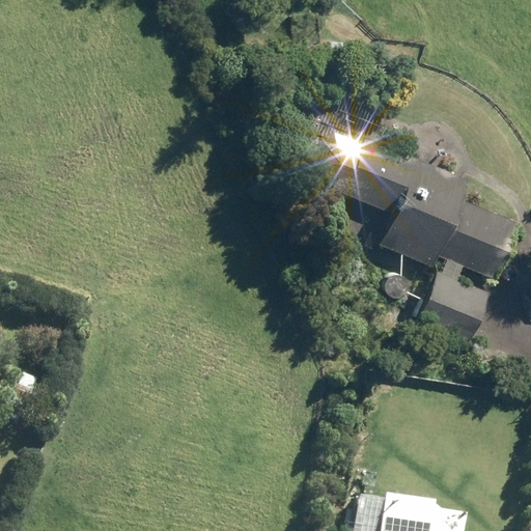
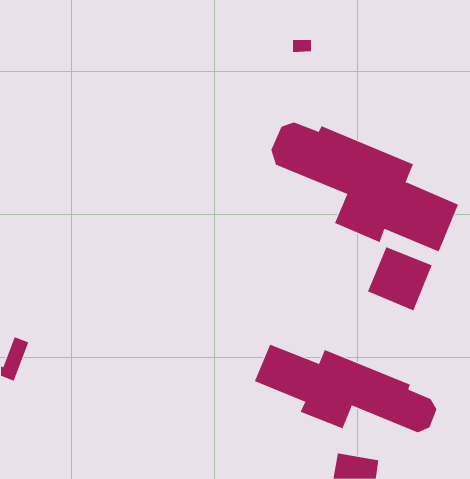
building: none -> [254,344,437,433]

